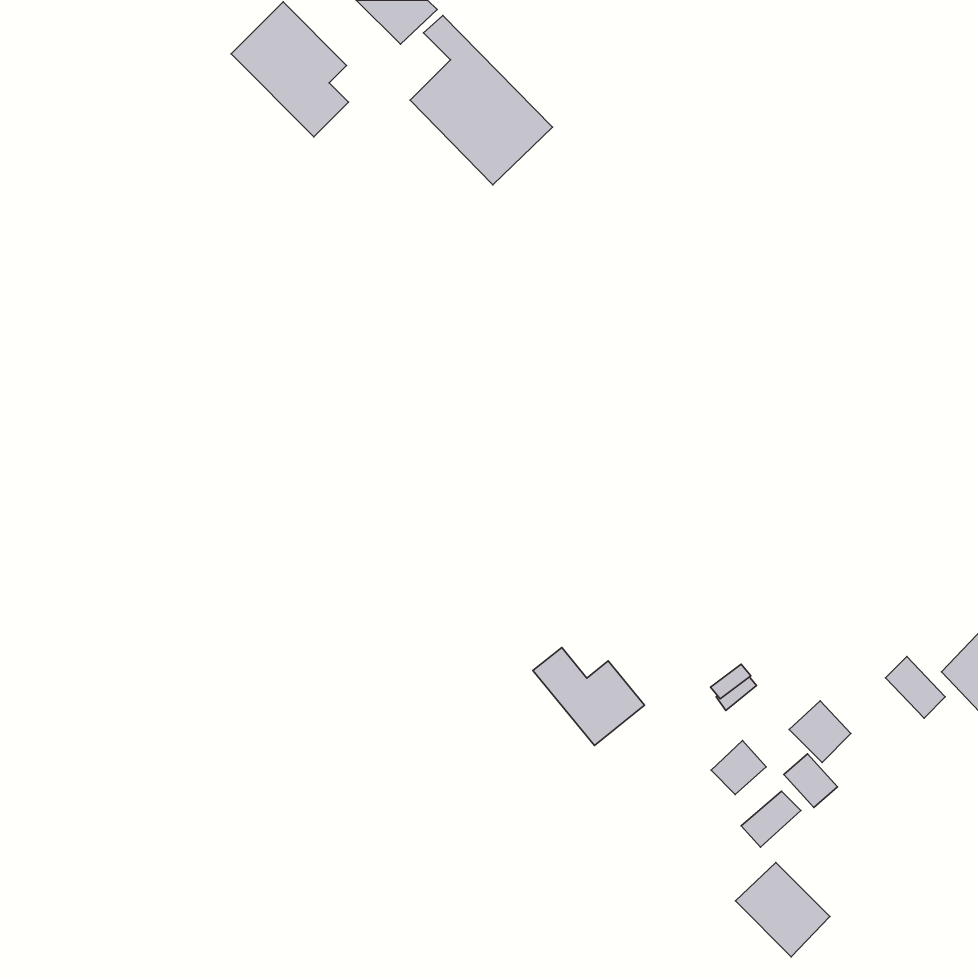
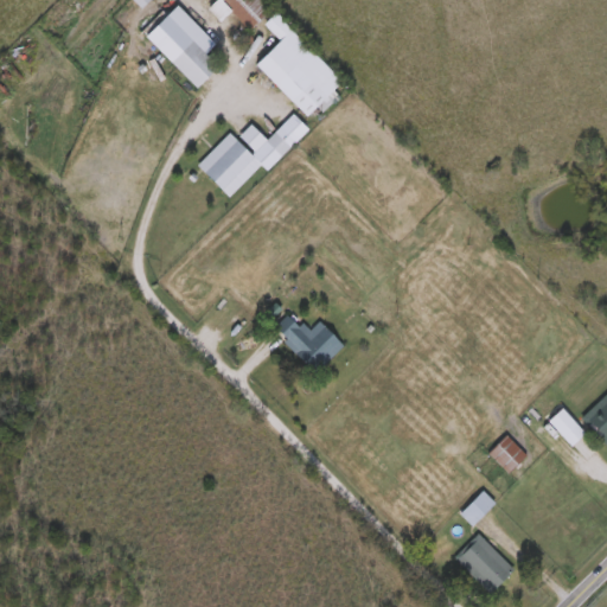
building: none -> [198,124,296,197]
building: [533,647,645,746] -> [276,312,345,372]
building: [711,741,766,795] -> none
building: [784,754,837,807] -> none

